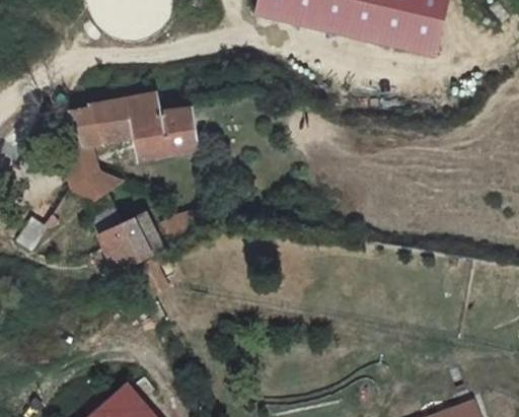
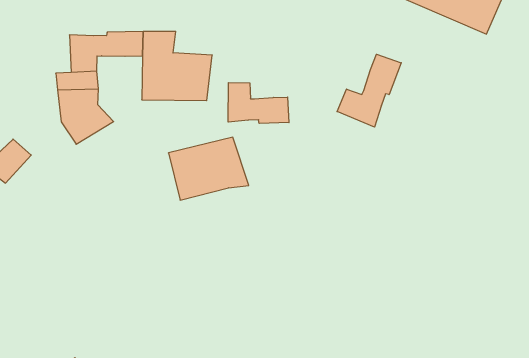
building: none -> [337,54,401,127]
building: none -> [228,83,289,123]
building: [93,210,168,273] -> [168,137,249,200]

